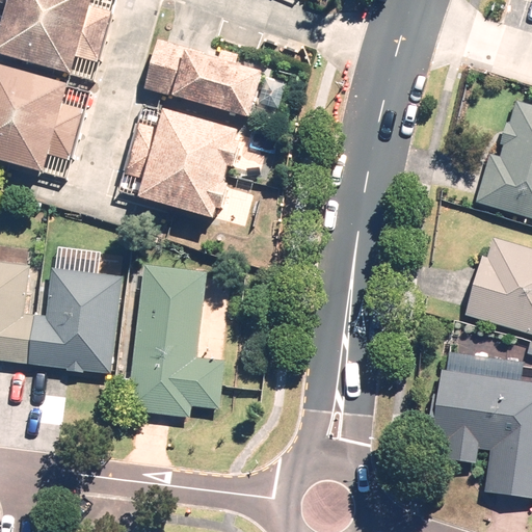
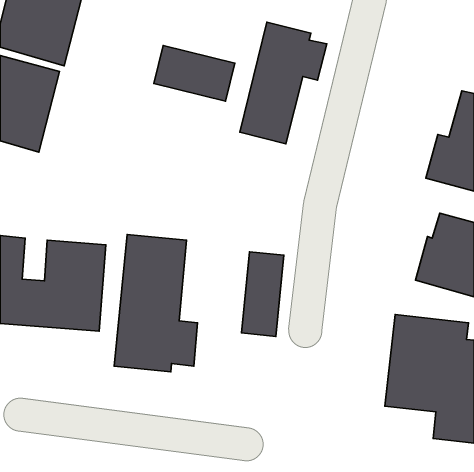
building: none -> [240,22,327,144]
building: [139,110,243,216] -> none
building: none -> [242,252,284,336]

